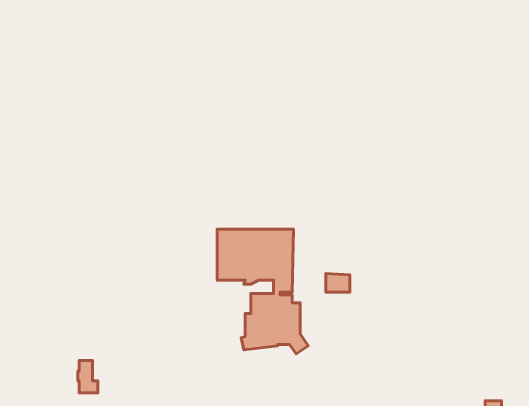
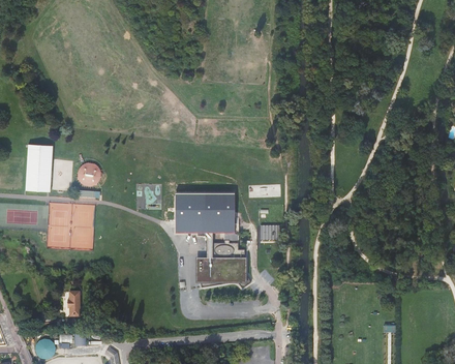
building: none -> [26,145,52,191]
building: none -> [78,162,102,187]

